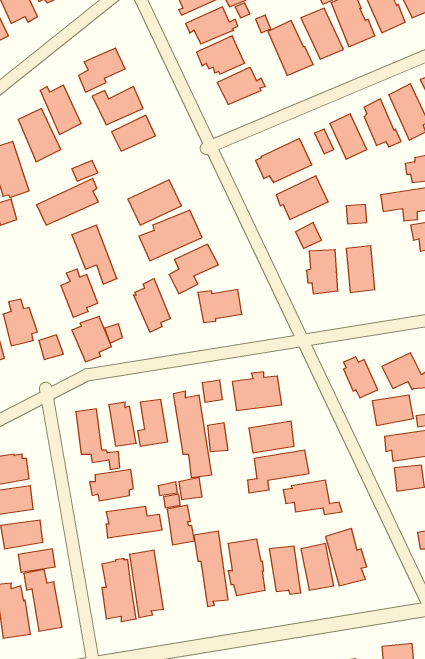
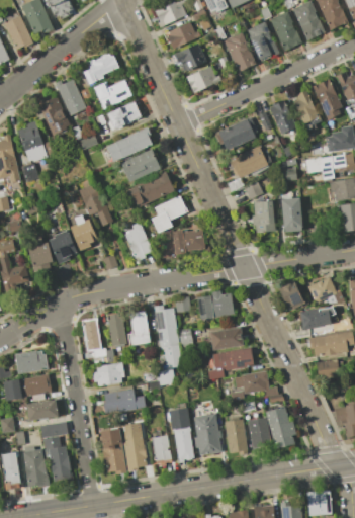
building: [37,179,98,225] -> [106,127,152,162]
building: [72,316,112,362] -> [49,230,78,263]
building: [167,505,194,545] -> [152,435,172,464]

